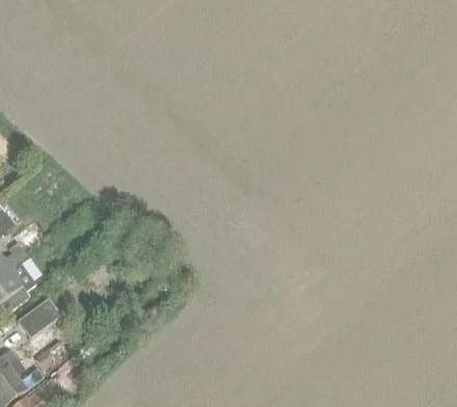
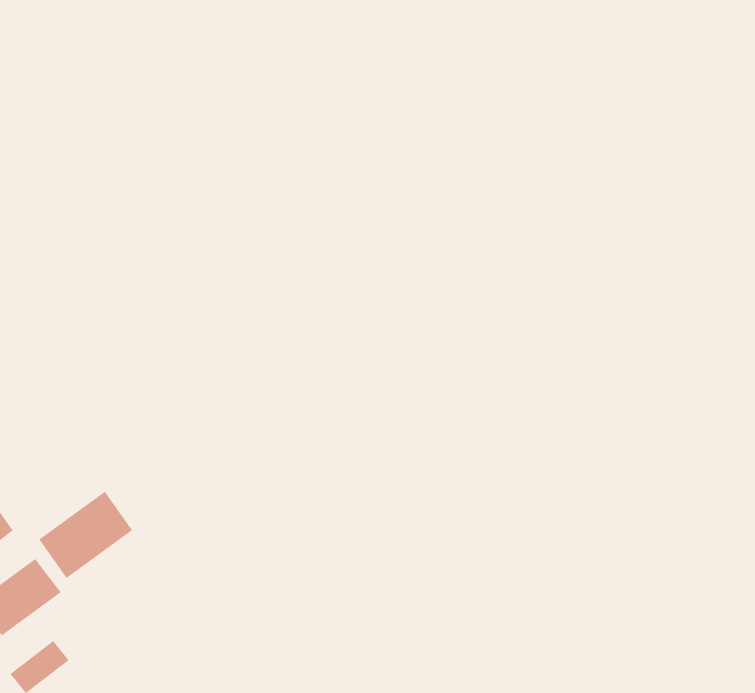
building: none -> [39,491,133,579]

